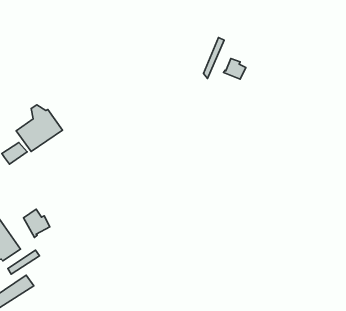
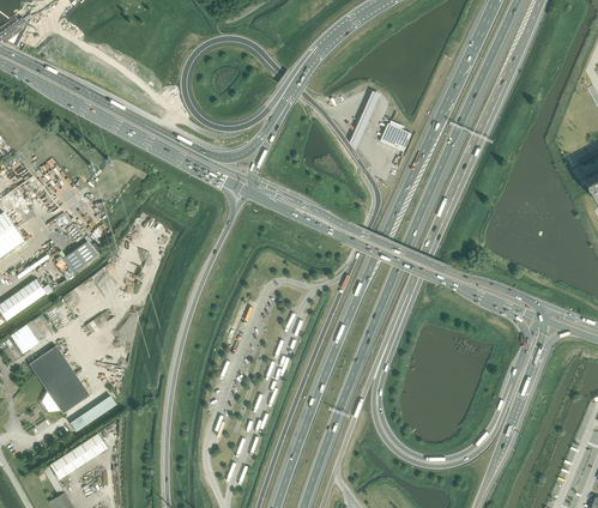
building: [16,105,63,151] -> none
building: [23,209,50,237] -> none

